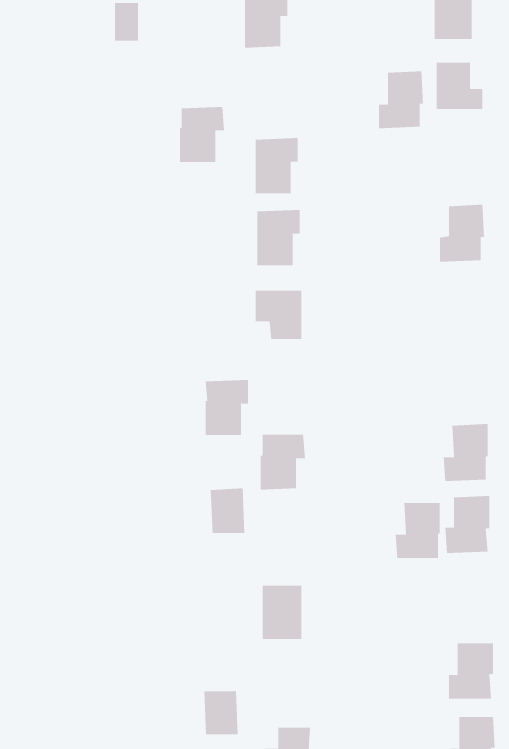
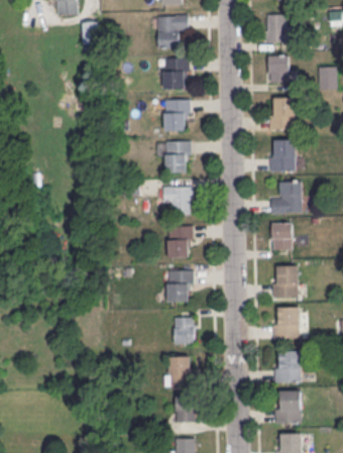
building: [378,71,424,129] -> [268,97,295,130]
building: [179,106,225,163] -> [162,58,189,90]
building: none -> [270,181,303,215]
building: none -> [271,224,291,250]
building: [205,379,249,436] -> [166,226,192,258]
building: [210,488,245,534] -> [173,318,193,344]
building: [395,502,440,559] -> [273,350,300,382]
building: [203,691,239,735] -> [175,398,195,423]

